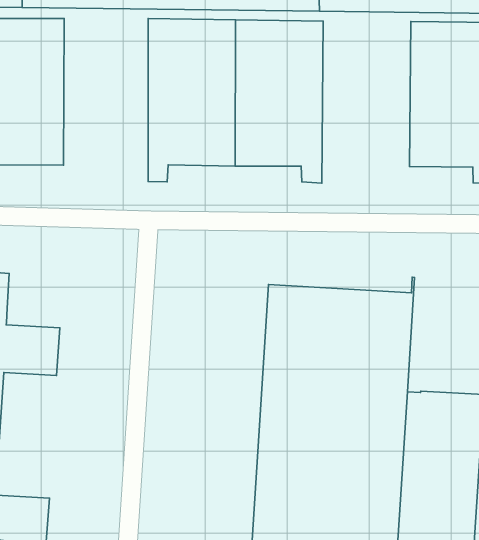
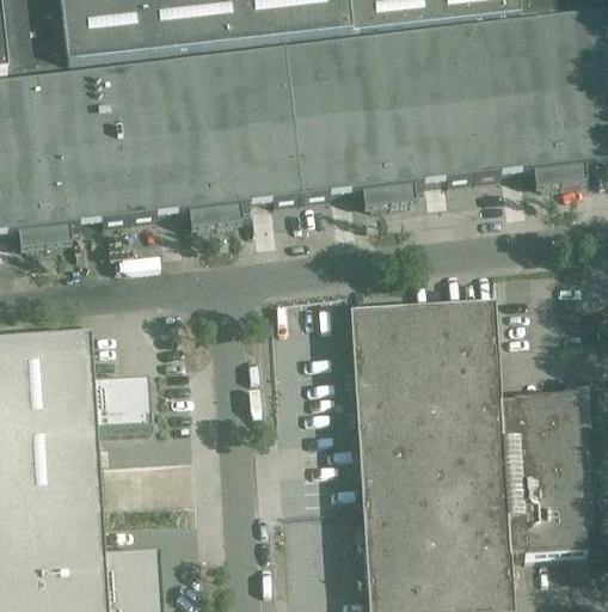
building: none -> [112,60,216,225]
building: none -> [370,30,474,202]

